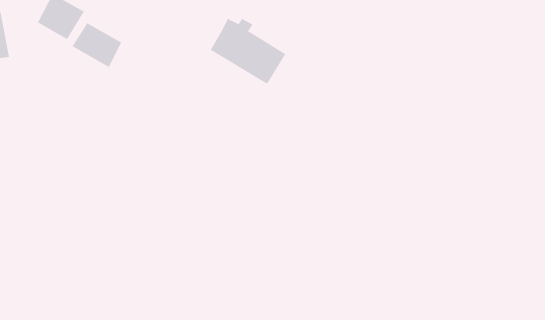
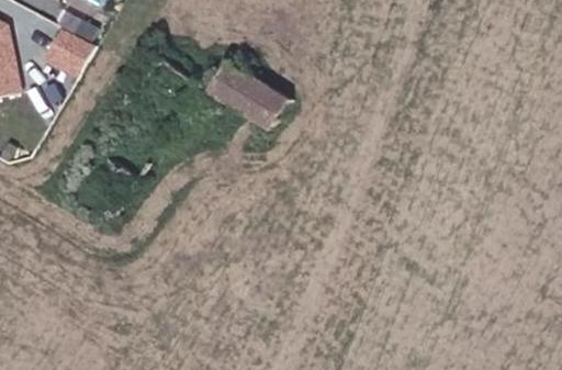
building: [72,22,122,68] -> none

